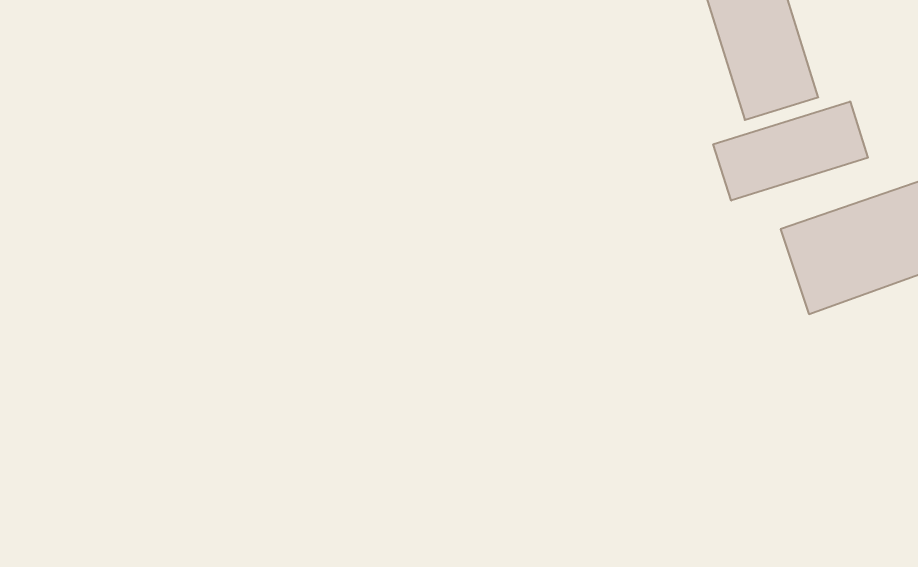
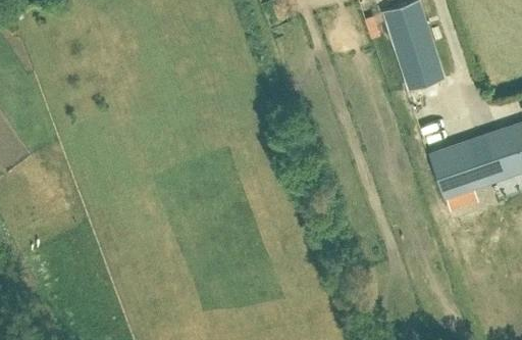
building: [713,101,868,201] -> none

